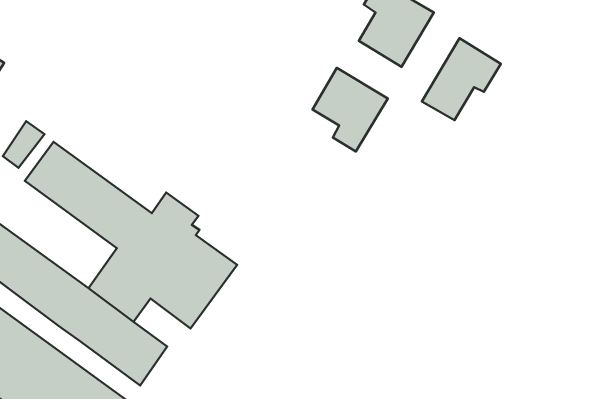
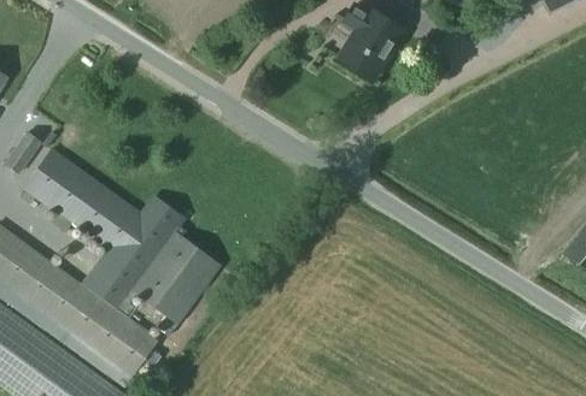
building: [422,38,501,120] -> none
building: [312,68,388,151] -> none

